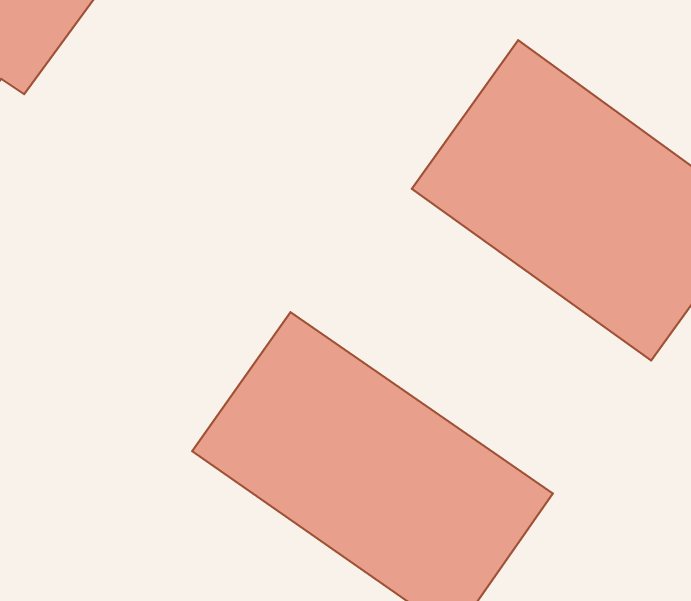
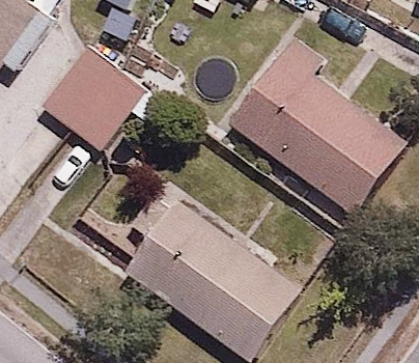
building: none -> [40,43,166,148]

